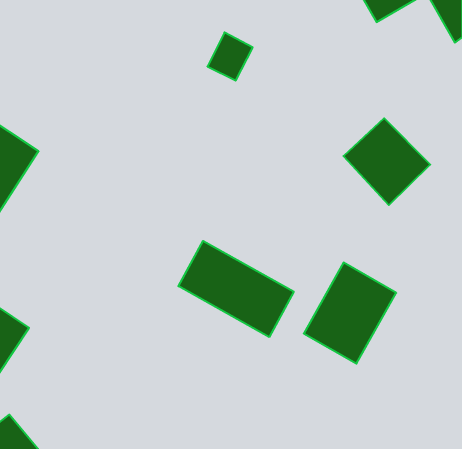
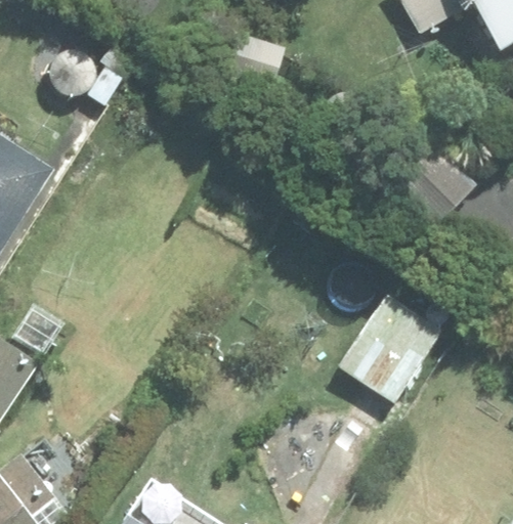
building: [178,241,294,337] -> none

